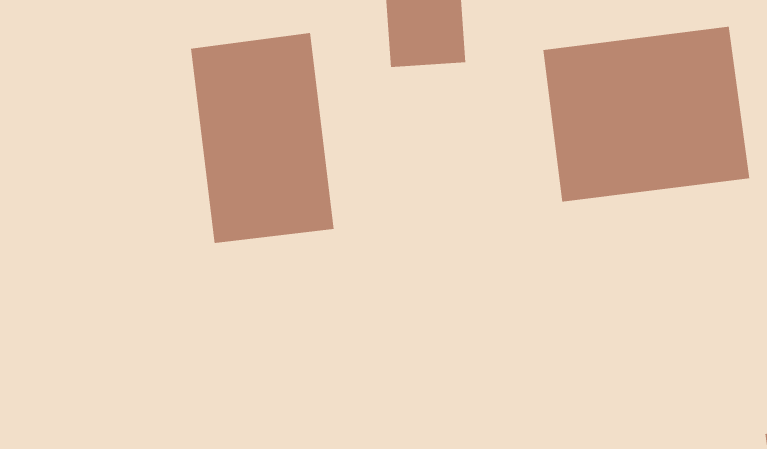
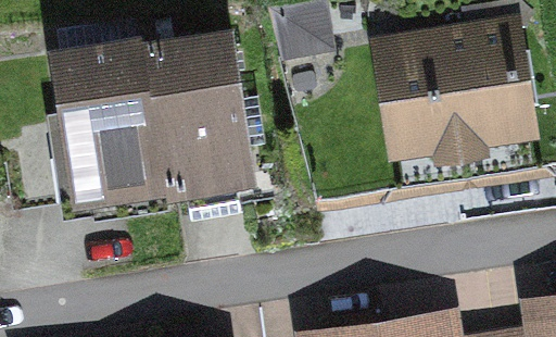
building: none -> [62,47,161,191]

